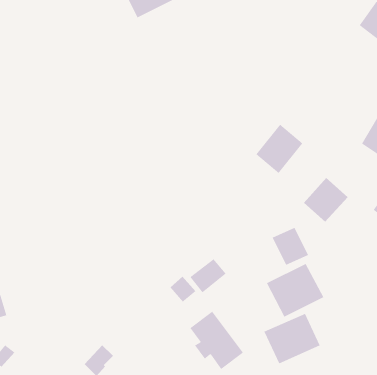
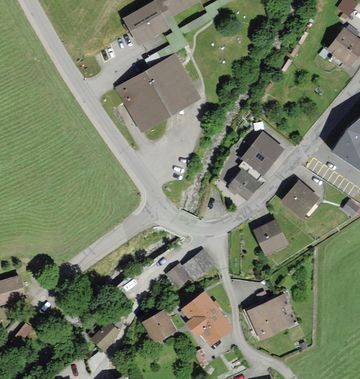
building: none -> [118,56,198,129]
building: none -> [228,165,261,198]
building: [266,263,324,317] -> none
building: none -> [143,311,174,342]

